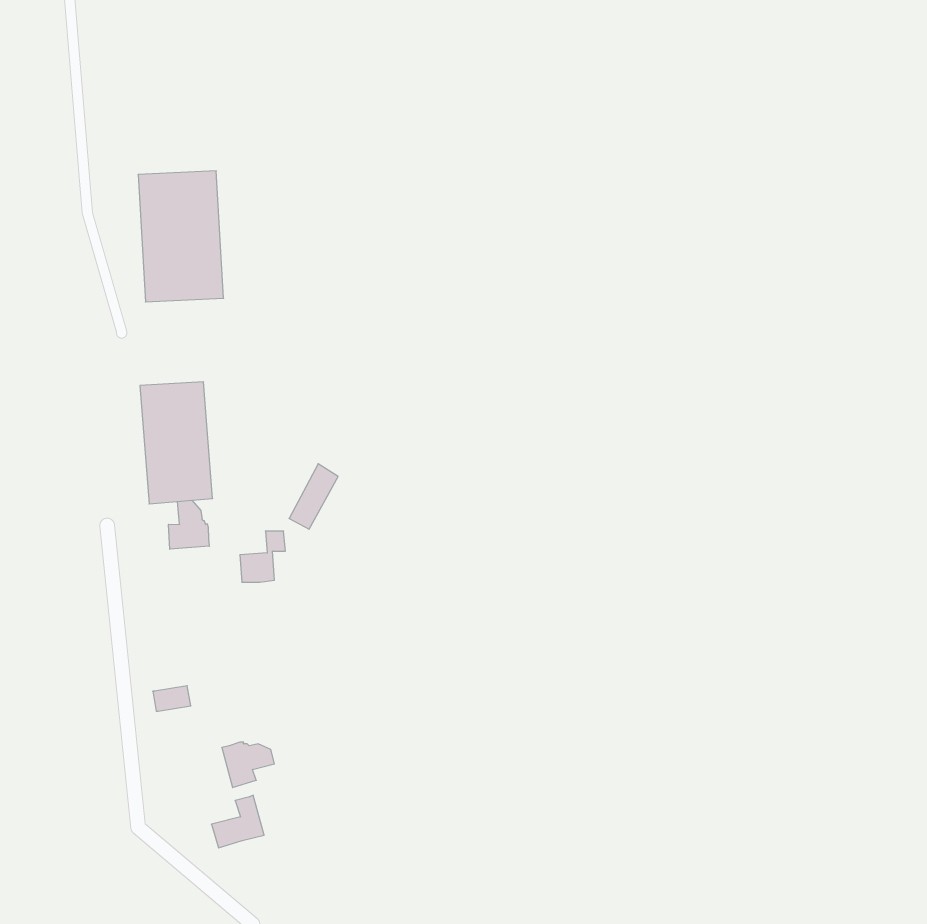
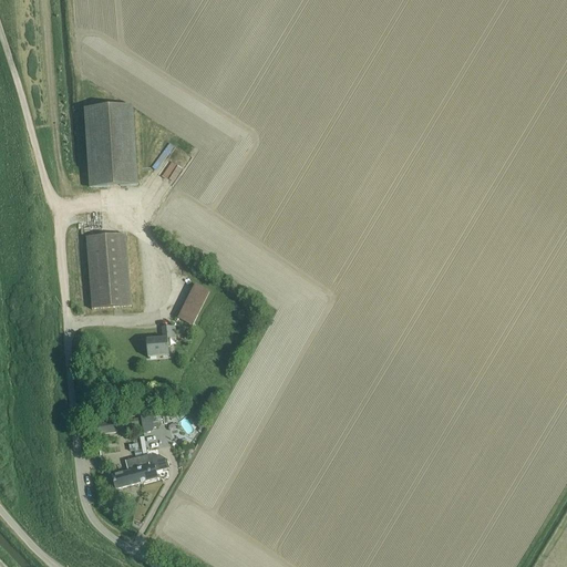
building: [169,500,209,549] -> none
building: [211,795,264,848] -> [110,455,142,487]

